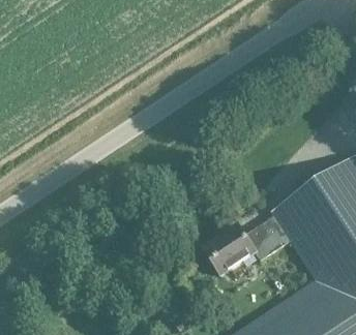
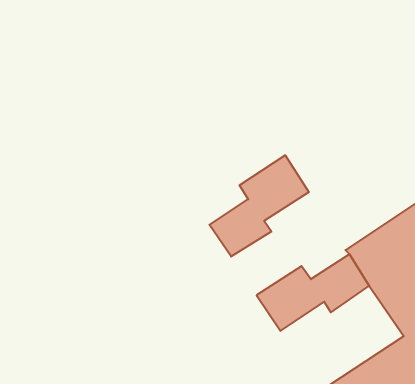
building: none -> [209,155,309,257]

